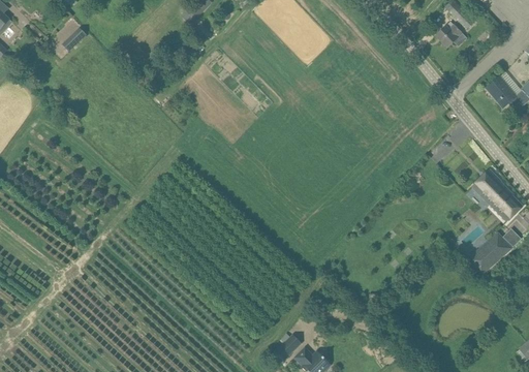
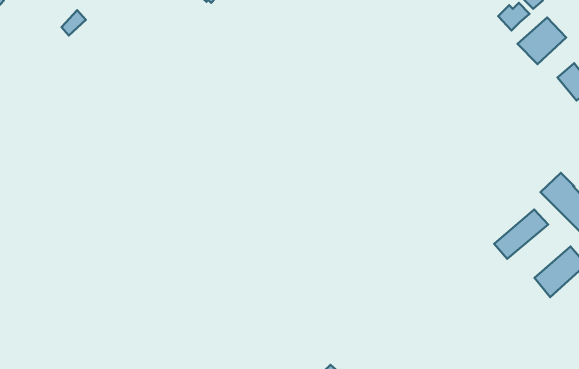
building: none -> [517,17,566,64]
building: none -> [494,209,548,259]

